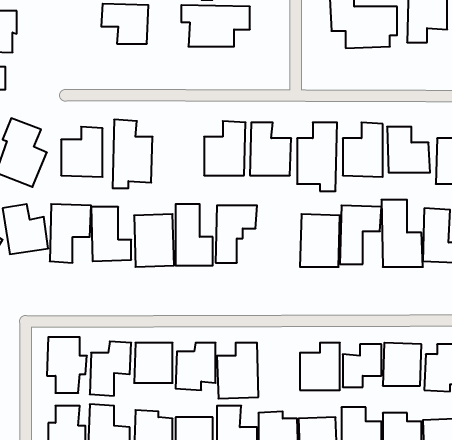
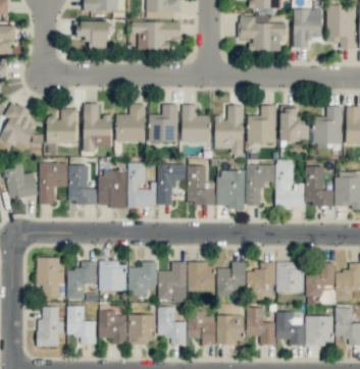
building: none -> [115,104,145,142]
building: none -> [186,165,214,205]
building: none -> [187,263,214,293]

